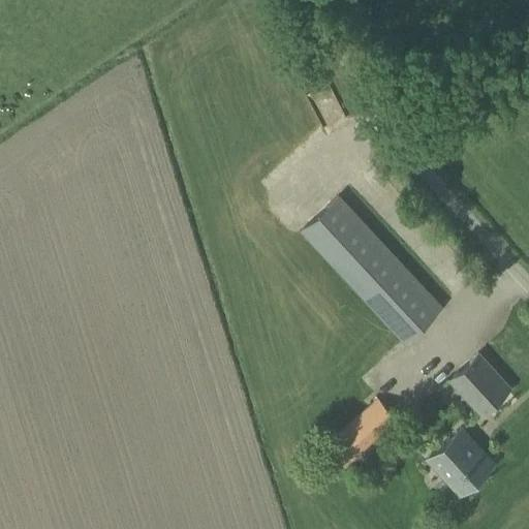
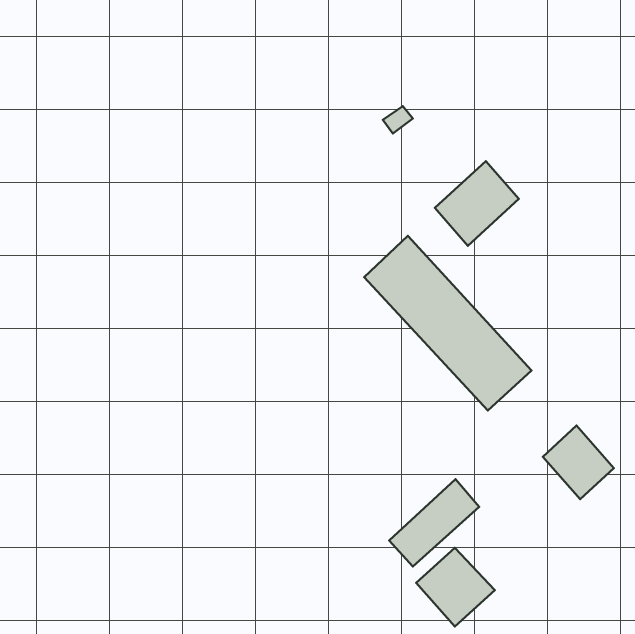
building: none -> [435,161,519,246]
building: [430,431,495,496] -> [416,548,495,626]

